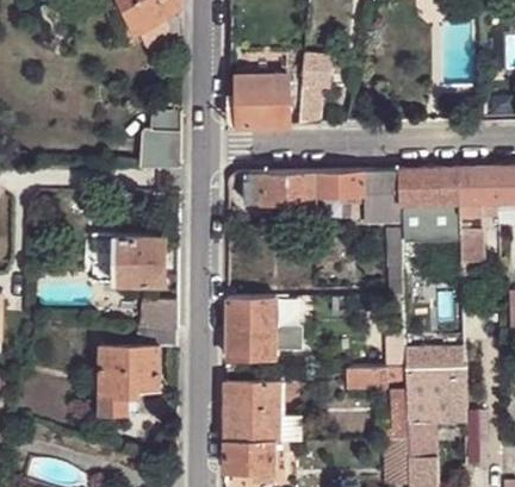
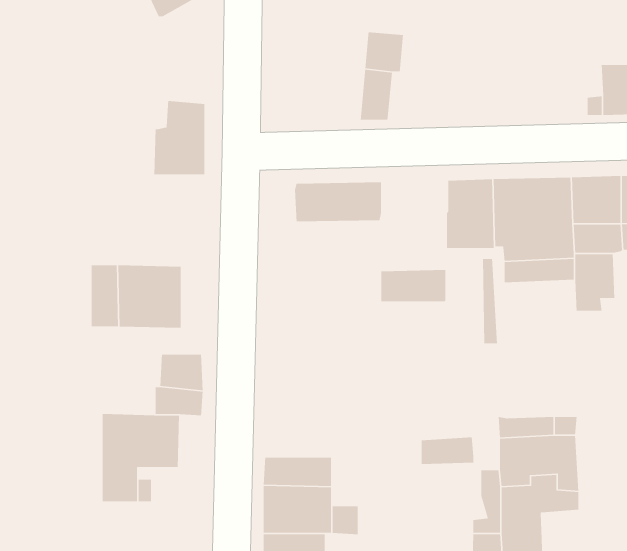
building: [227,77,288,127] -> none
building: [314,171,364,196] -> [380,269,446,302]
building: [224,299,273,358] -> none

